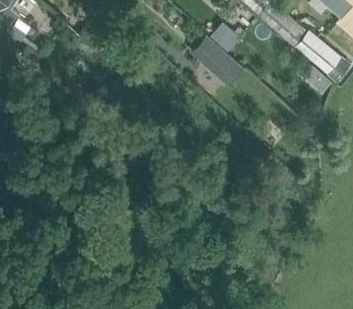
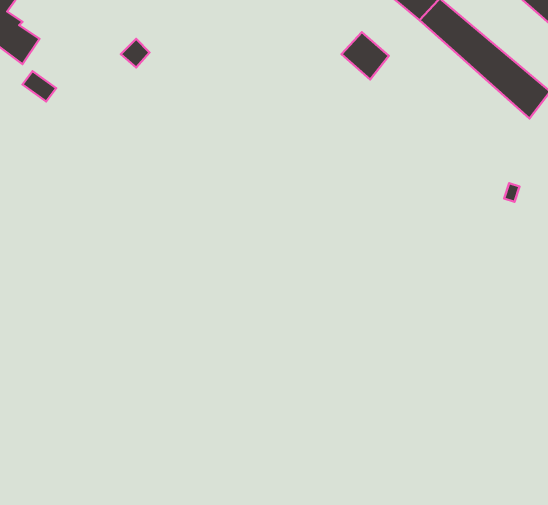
building: [192,35,242,83] -> none

